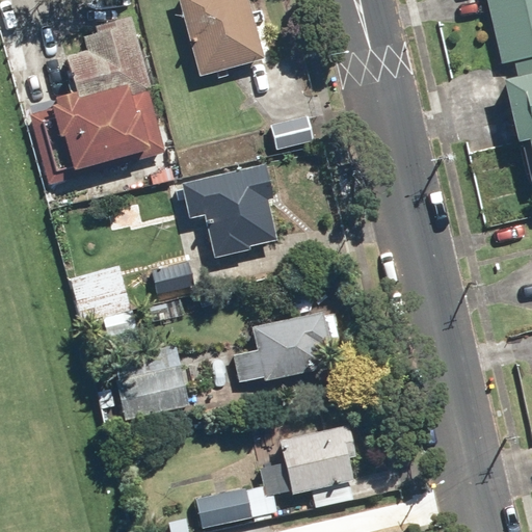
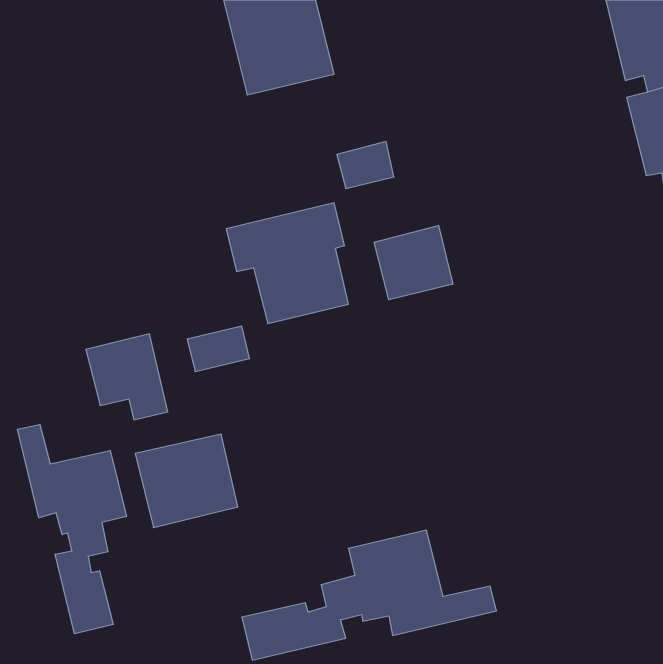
building: [31,15,164,181] -> none
building: none -> [374,225,453,300]
building: [233,309,344,398] -> none
building: none -> [17,424,126,634]

